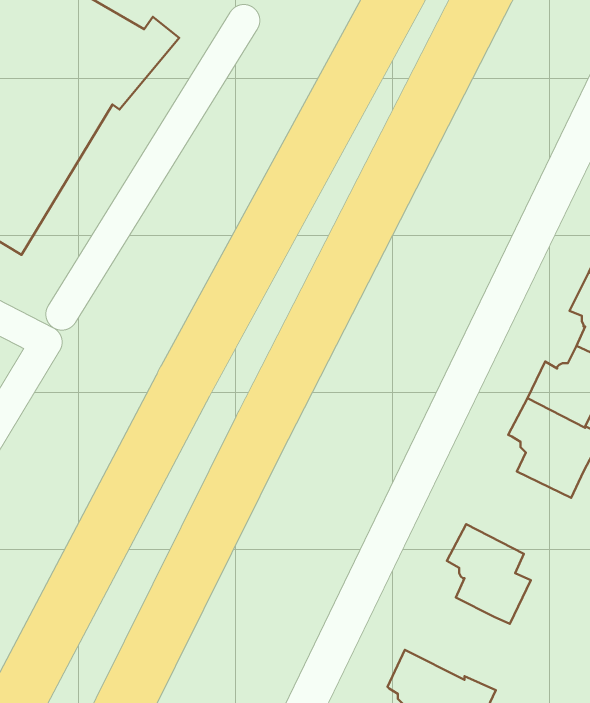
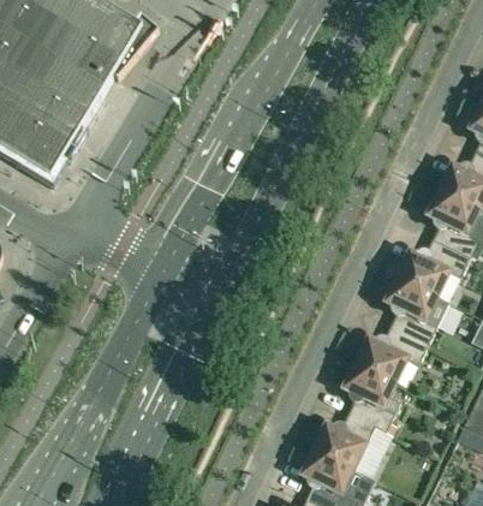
building: none -> [356,326,428,382]
building: none -> [314,412,375,469]

